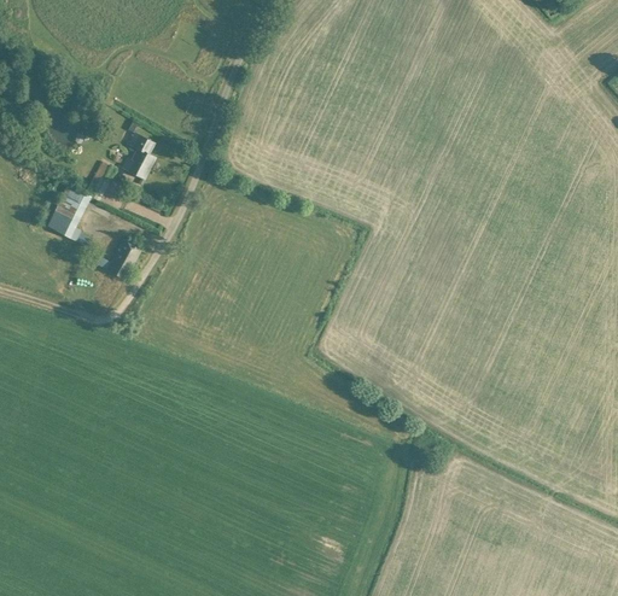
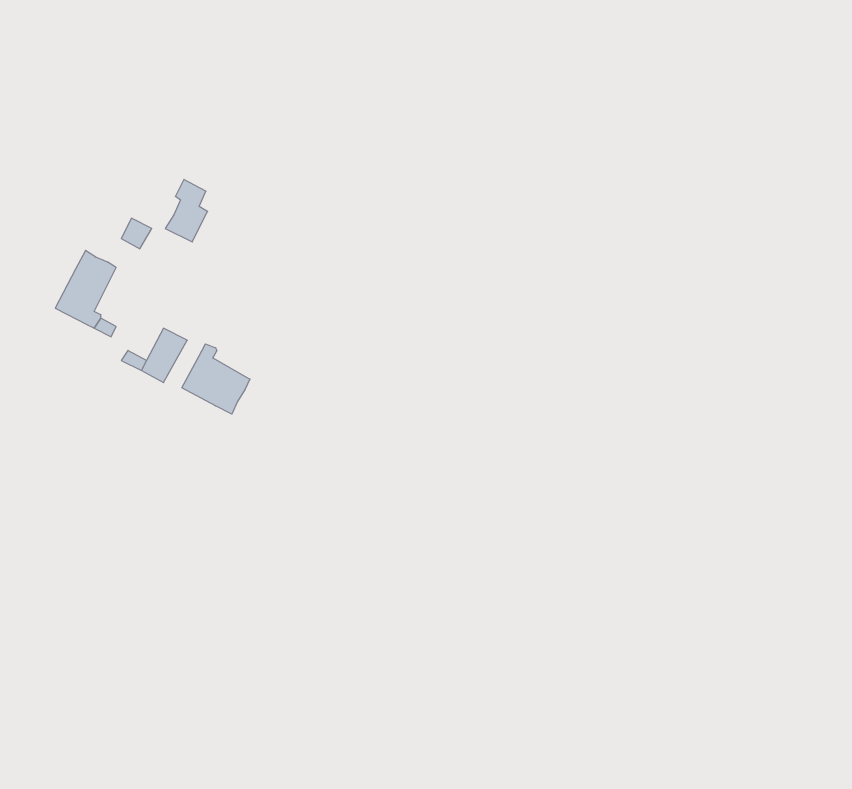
building: none -> [182,344,250,414]

